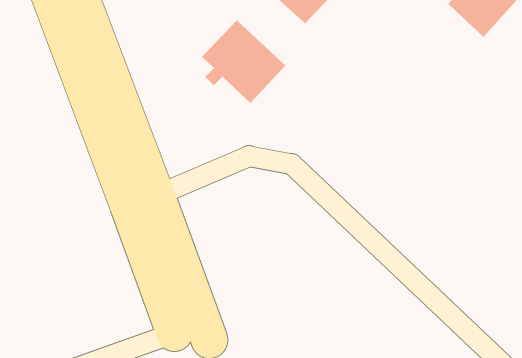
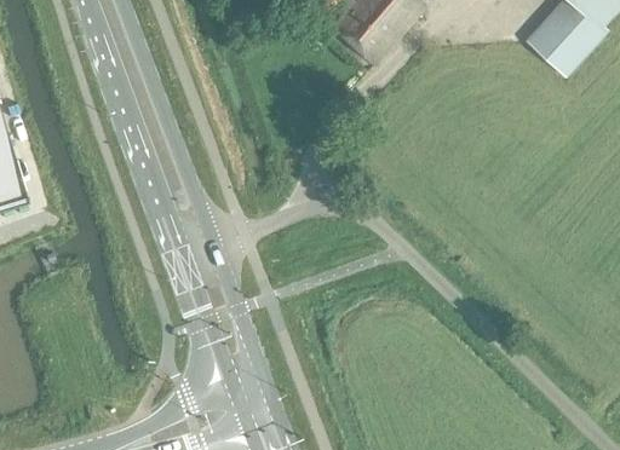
building: [201,20,286,104] -> none

